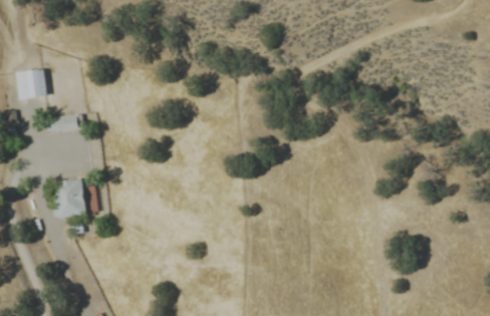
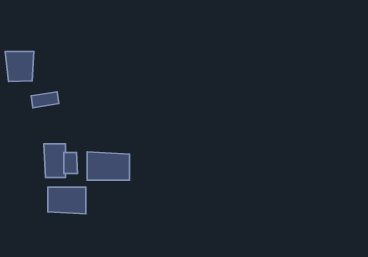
building: none -> [87,152,130,180]
building: none -> [48,187,86,214]

